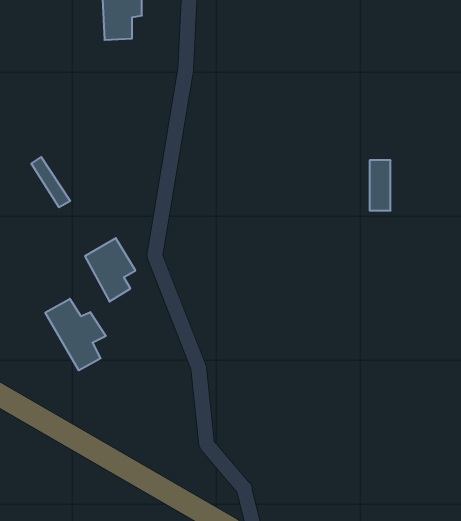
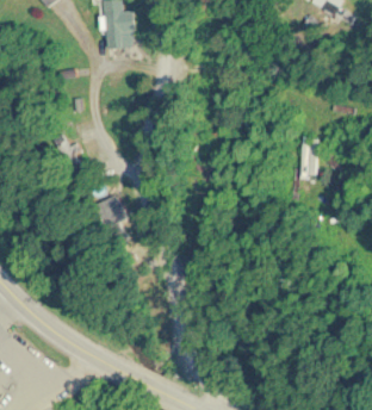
building: [45,299,106,370] -> none

